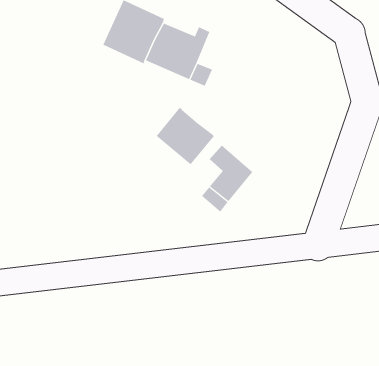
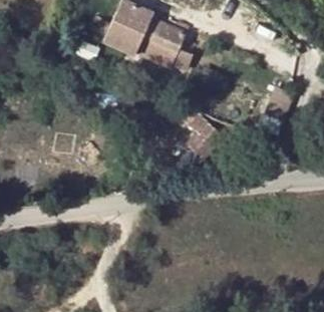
building: [156,107,215,165] -> none

